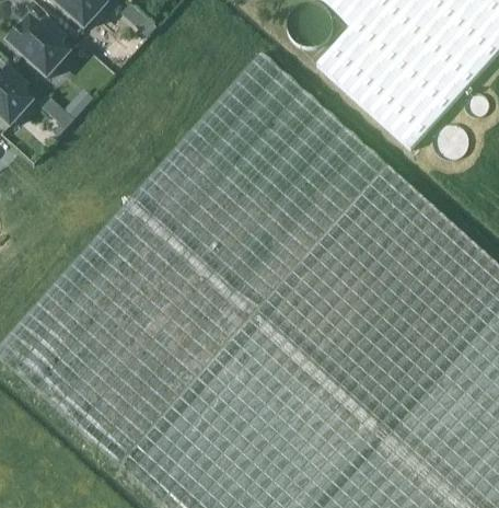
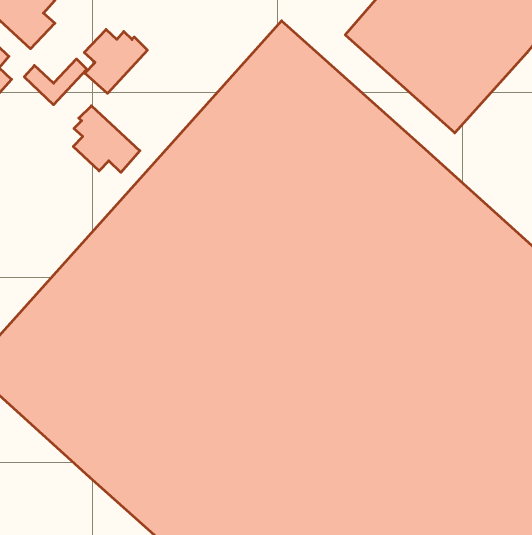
building: none -> [84,29,147,93]
building: none -> [73,106,140,172]

